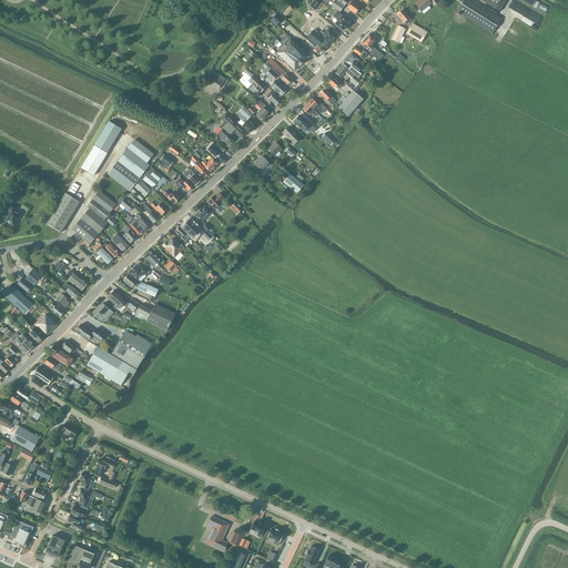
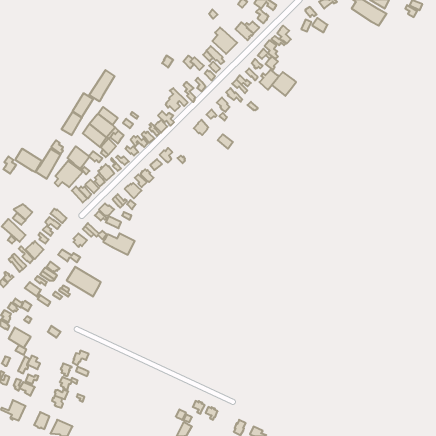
building: none -> [89,70,115,101]
building: none -> [272,72,296,96]
building: none -> [15,149,42,172]
building: [112,329,152,368] -> none
building: [206,516,230,550] -> none

